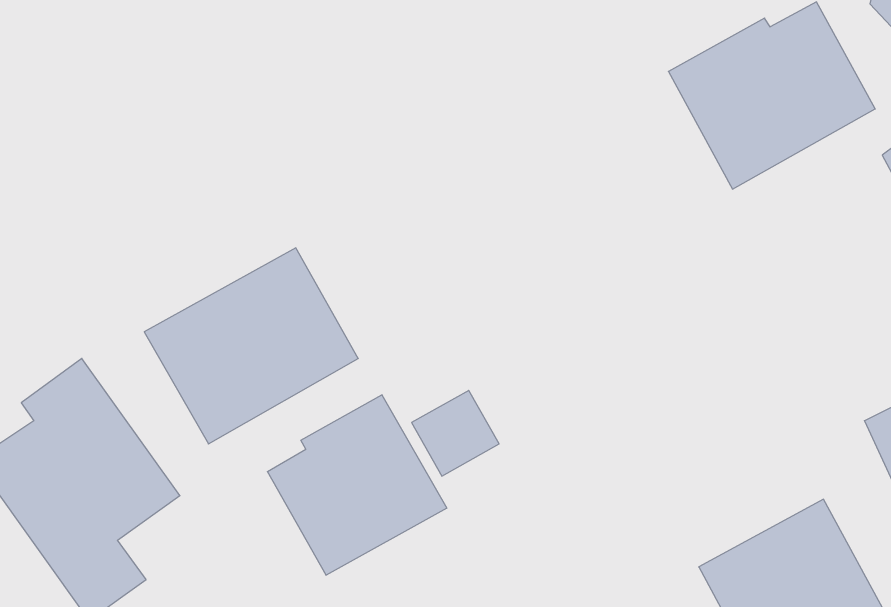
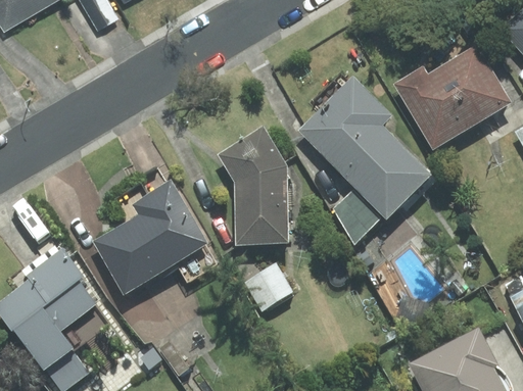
building: none -> [294,77,432,244]
building: none -> [217,127,292,249]
building: [267,395,447,575] -> none

